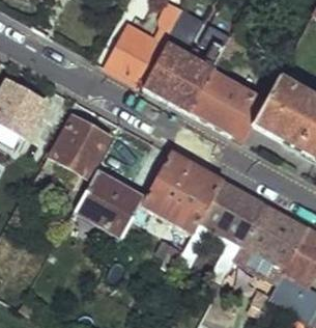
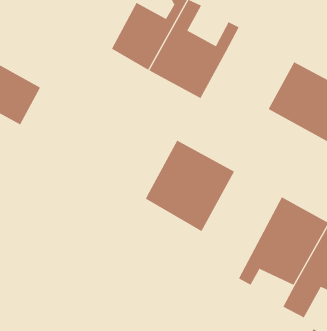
building: [192,59,283,140] -> none
building: [34,115,108,187] -> none
building: [75,171,144,236] -> none
building: [191,179,265,303] -> none

